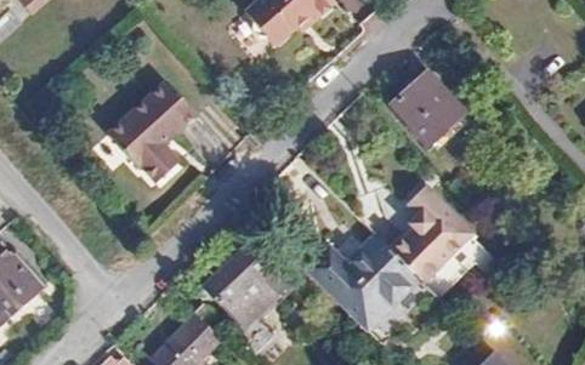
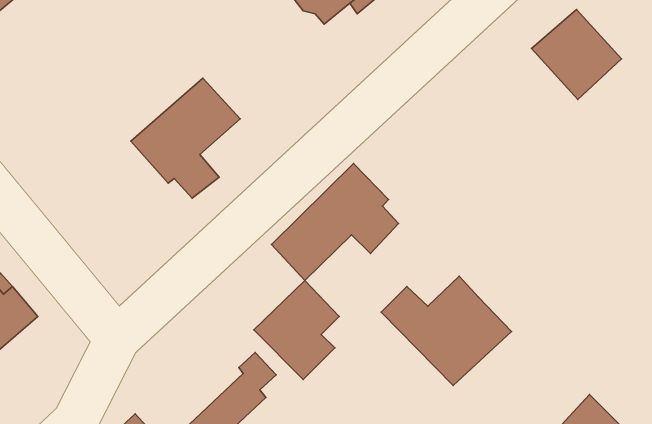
building: [397,75,470,148] -> [531,9,621,99]
building: none -> [271,164,398,281]
building: [393,195,487,310] -> none

